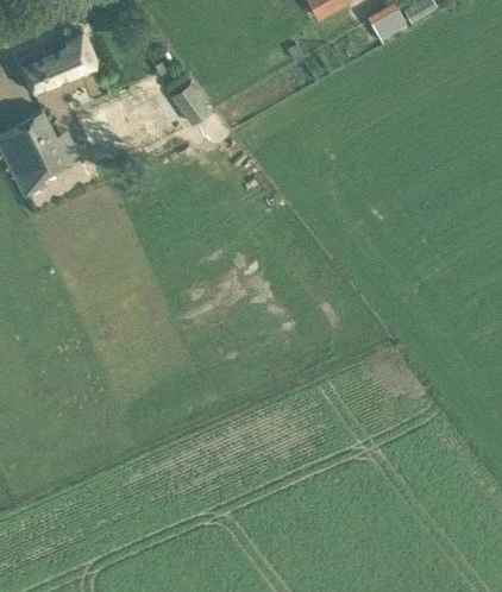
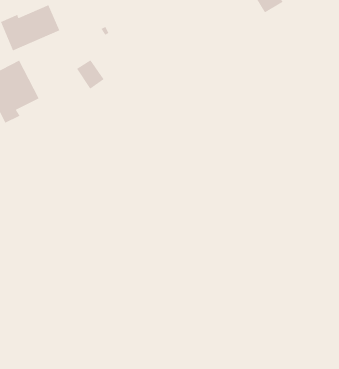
building: [171,83,211,125] -> [76,59,105,90]

